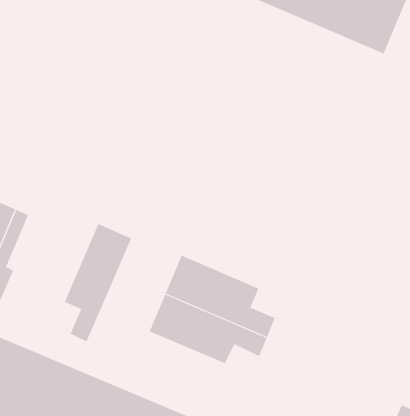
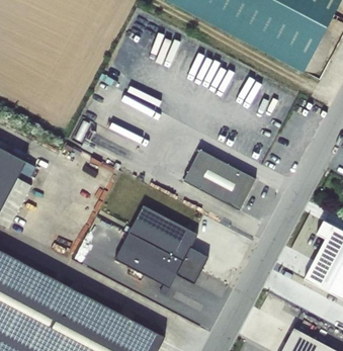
building: none -> [182,149,255,209]
building: [64,223,132,342] -> none

